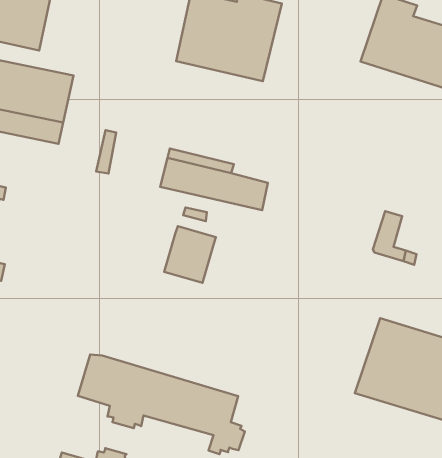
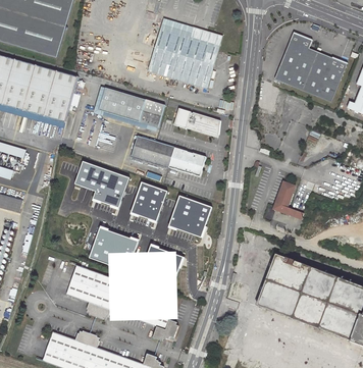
building: none -> [99,88,164,126]
building: none -> [173,108,220,135]
building: none -> [74,161,129,208]
building: none -> [169,196,212,236]
building: none -> [88,227,138,271]
building: none -> [139,246,182,286]

